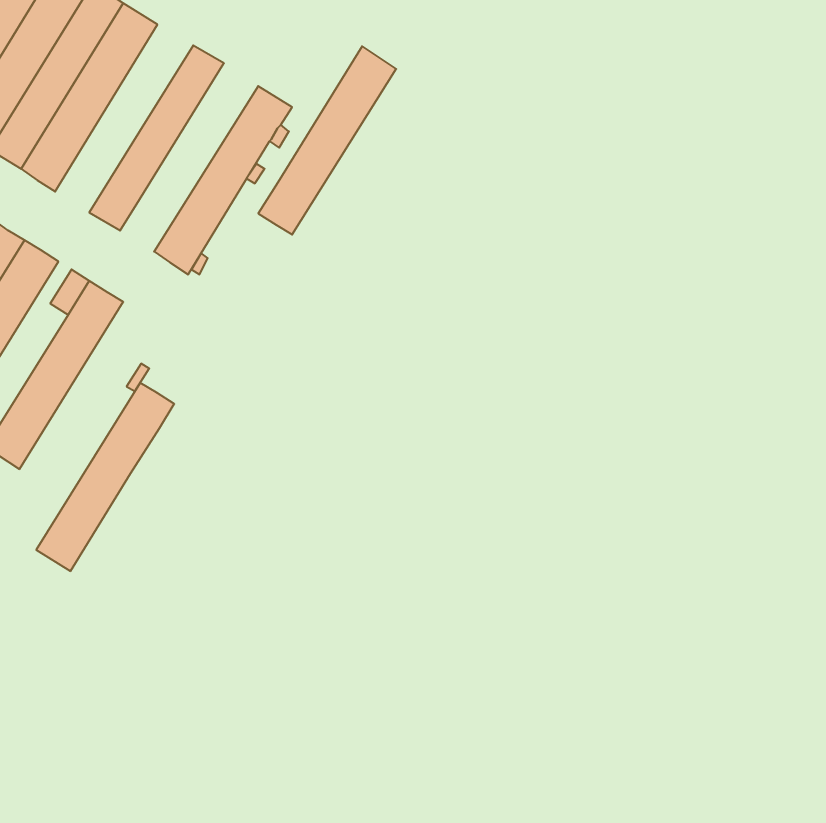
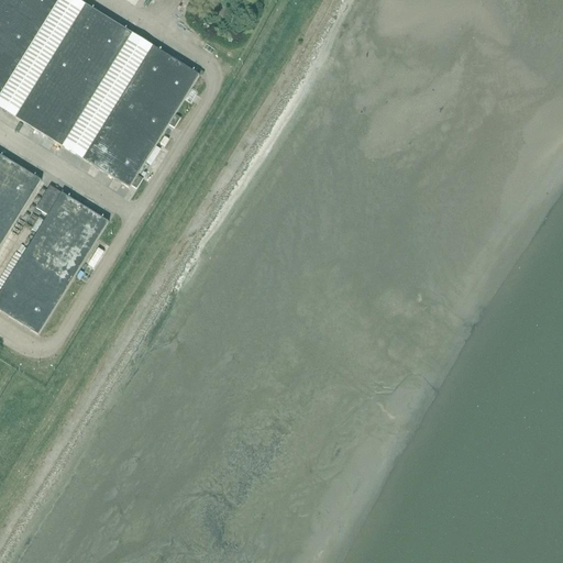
building: none -> [37,16,131,144]
building: [258,46,396,235] -> [81,43,175,170]
building: [36,383,174,571] -> [13,205,107,332]

